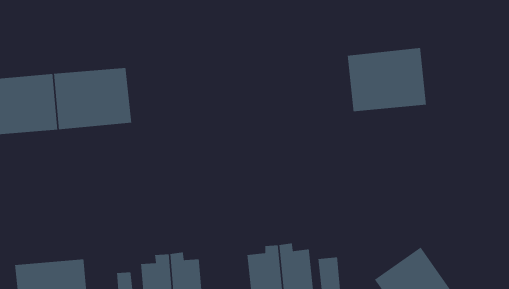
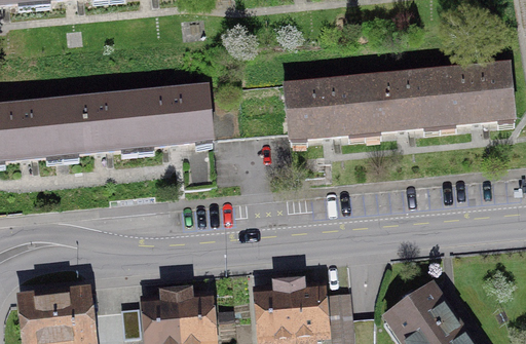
building: none -> [434,65,511,130]
building: none -> [283,79,364,145]
building: none -> [132,84,209,149]

